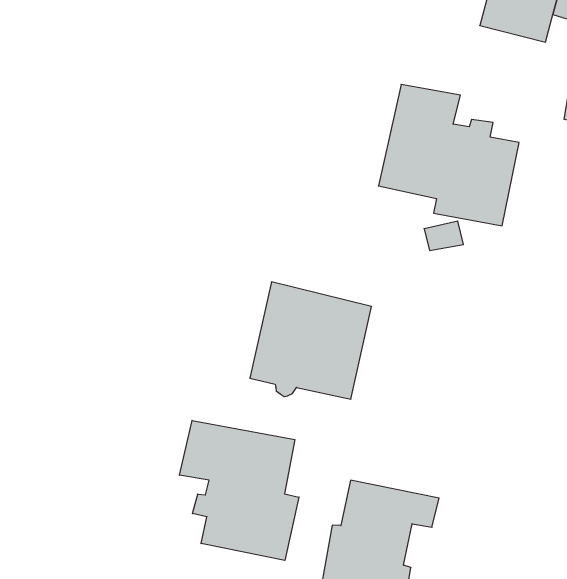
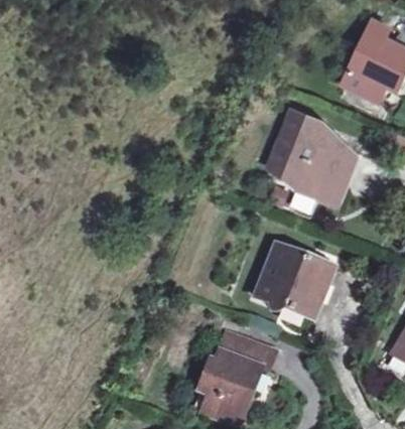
building: [250,282,372,399] -> [256,242,333,317]
building: [179,420,299,560] -> none

